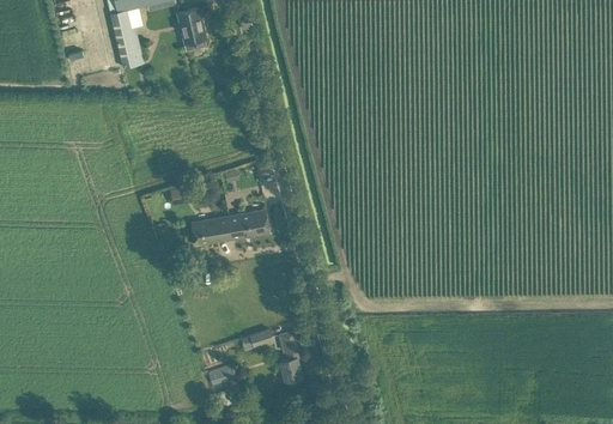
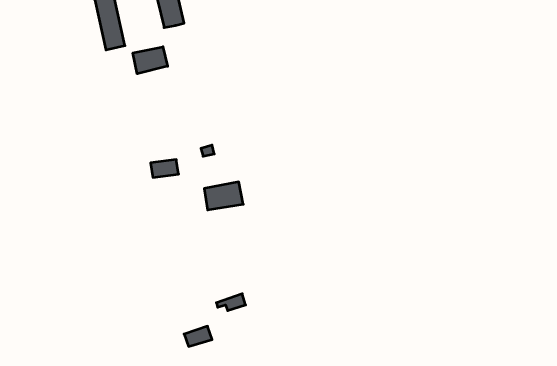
building: none -> [133,47,168,74]
building: [190,216,231,244] -> none
building: [278,331,301,381] -> none

